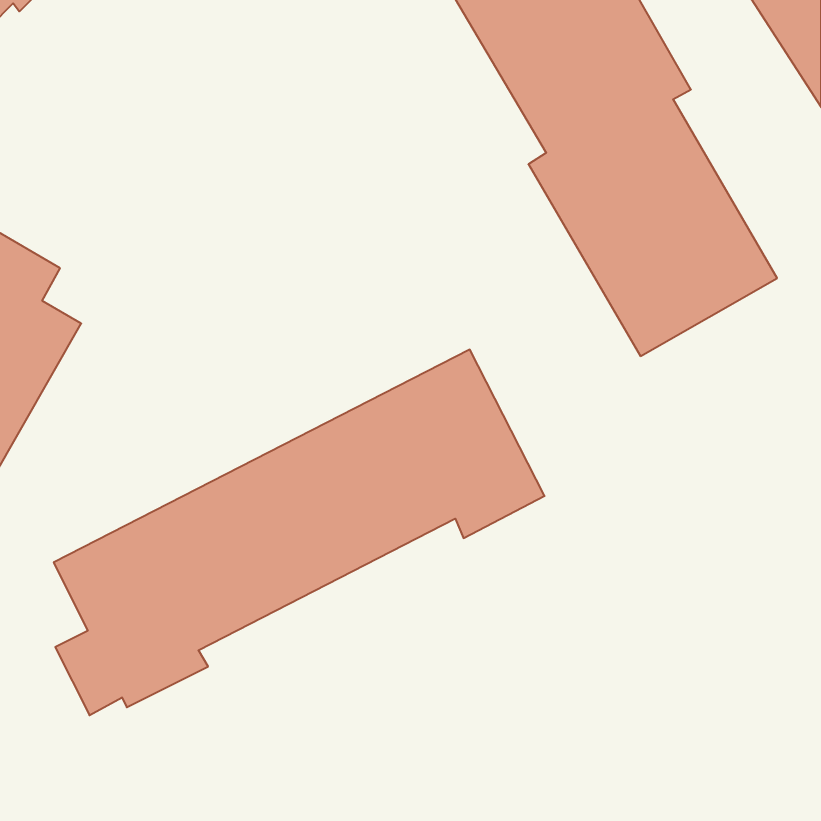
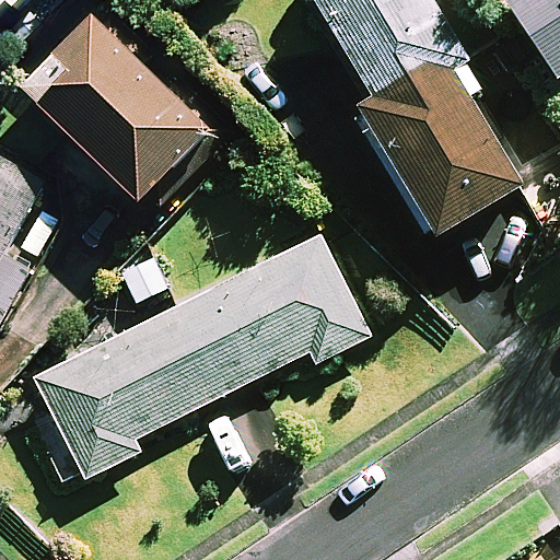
building: none -> [24,14,213,202]

